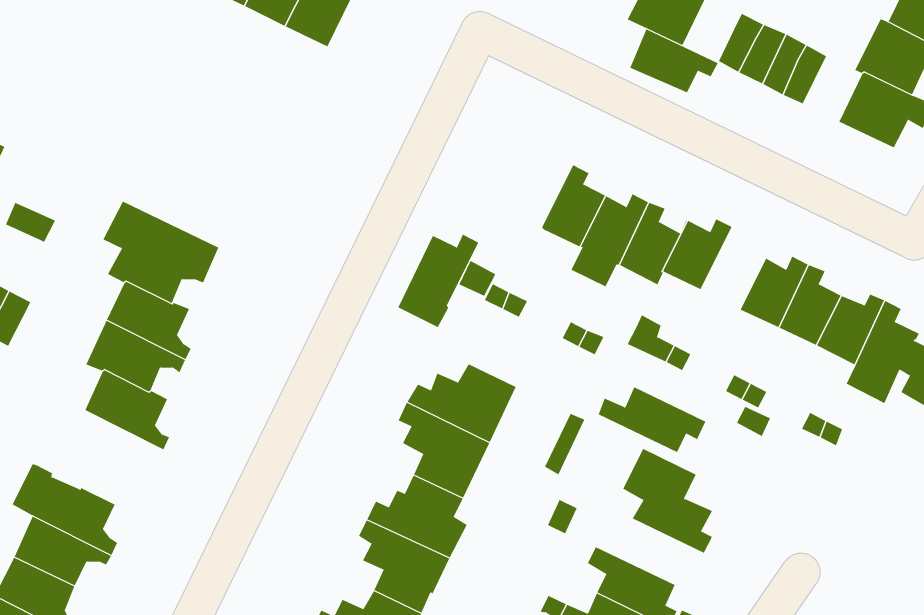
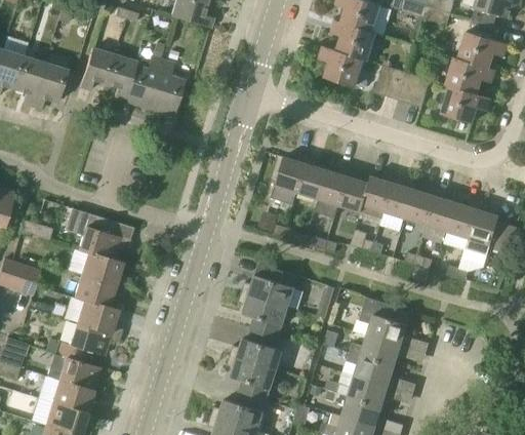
building: [629,28,718,93] -> none
building: none -> [383,176,414,219]
building: [397,234,479,328] -> [271,154,308,204]
building: [598,386,706,453] -> [350,334,406,365]
building: none -> [55,322,120,363]

